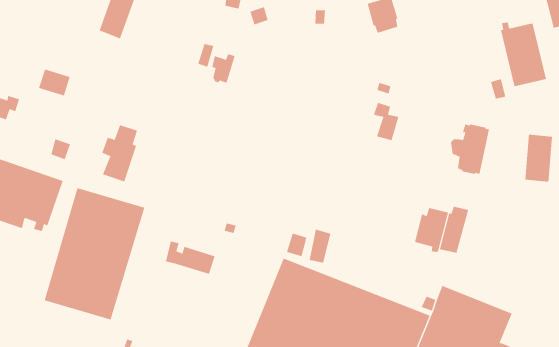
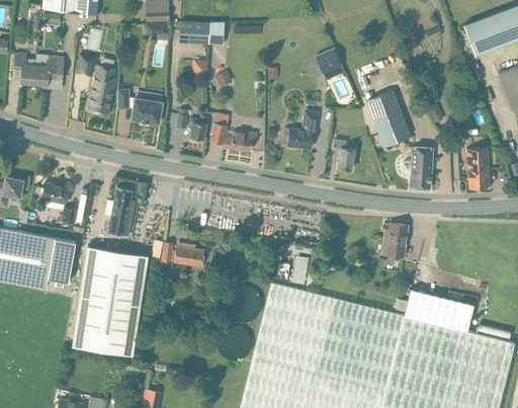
building: none -> [117,89,162,125]
building: [500,22,547,87] -> [365,91,411,148]
building: none -> [282,110,318,148]
building: none -> [209,124,256,152]
building: [38,69,71,96] -> [41,183,68,205]
building: [439,206,469,254] -> none
building: [165,241,216,274] -> [162,243,204,267]

